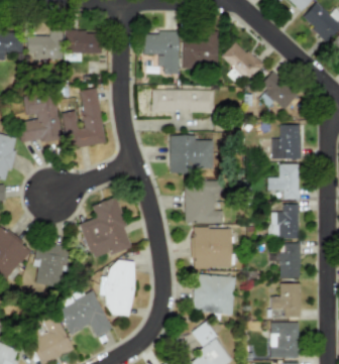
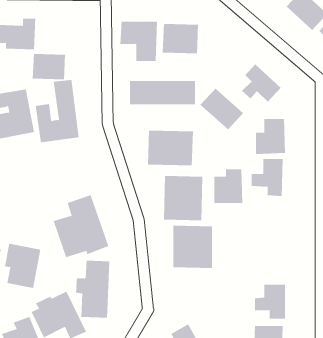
building: [67,29,99,54] -> [32,54,66,80]
building: [221,40,263,81] -> [199,88,244,130]
building: [272,205,301,238] -> [213,169,243,204]
building: [279,243,302,278] -> none
building: [194,274,235,314] -> none

